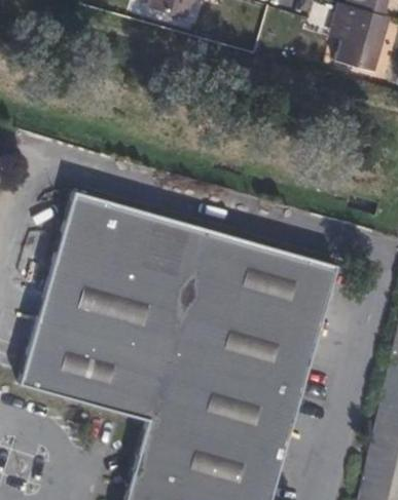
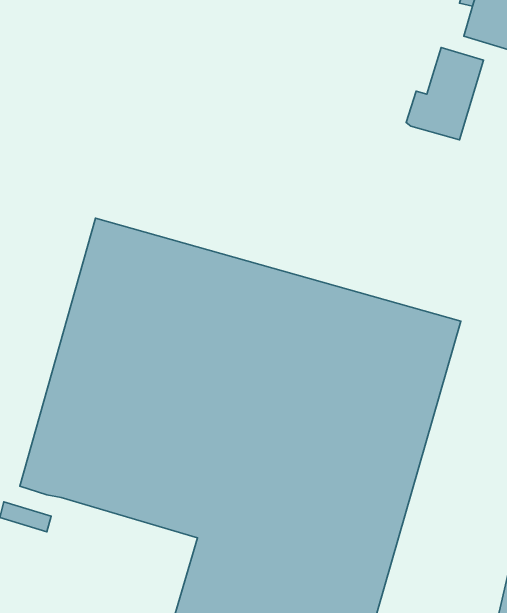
building: none -> [406,48,483,140]

